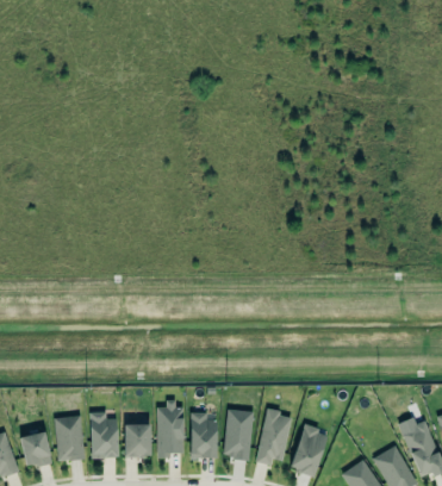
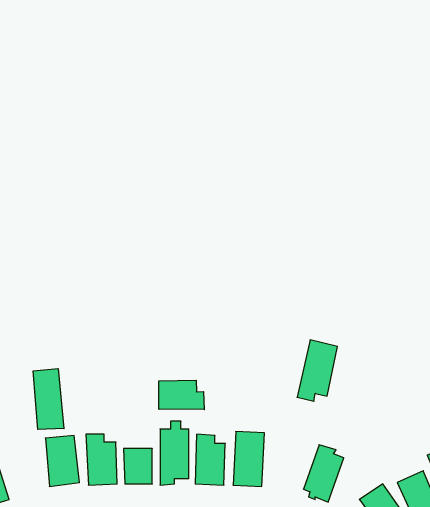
building: none -> [33,369,64,429]
building: none -> [159,380,204,410]
building: [255,410,292,466] -> [297,340,337,401]
building: [19,431,52,468] -> none

